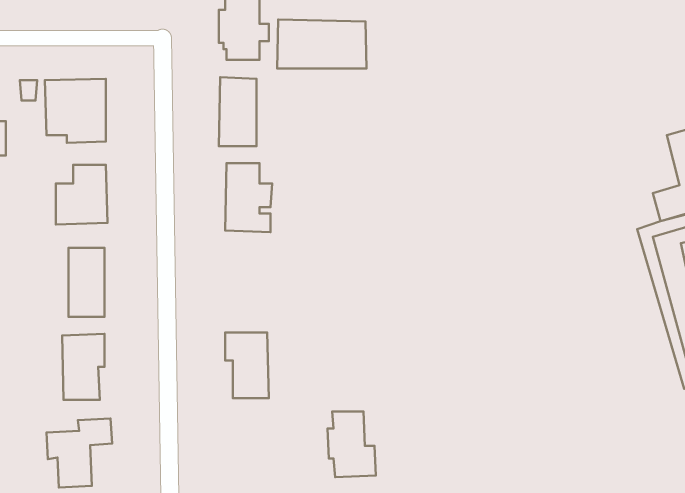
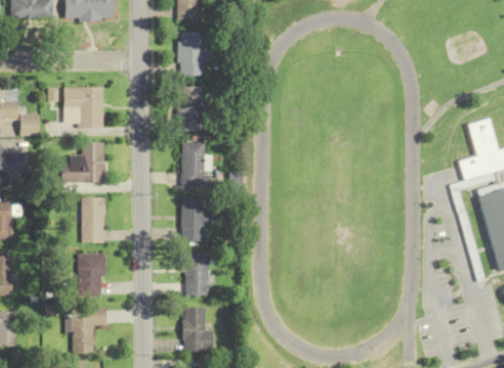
building: [277,20,367,68] -> none
building: none -> [180,197,210,241]
building: [327,411,376,477] -> [182,309,214,352]

